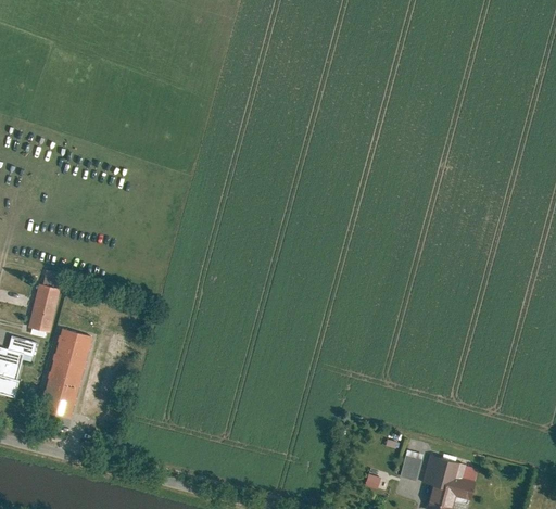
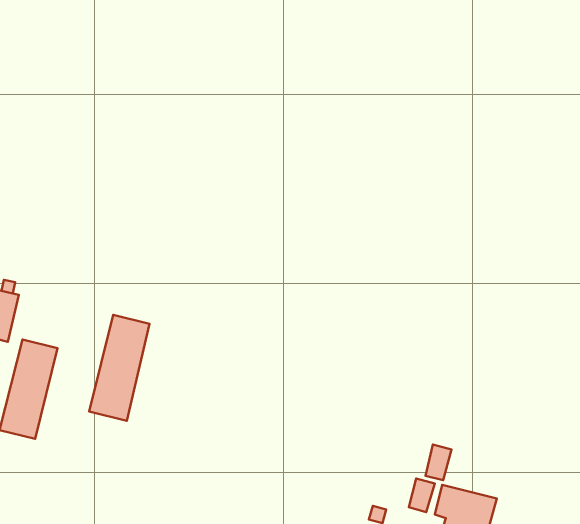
building: none -> [89,315,149,421]
building: none -> [426,445,452,480]

